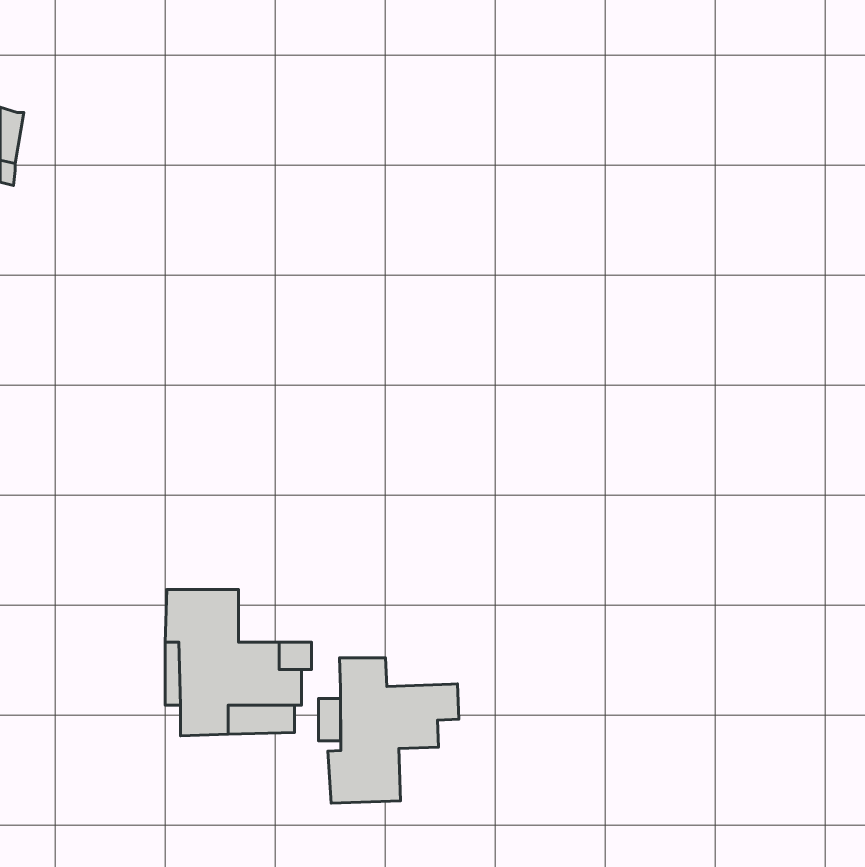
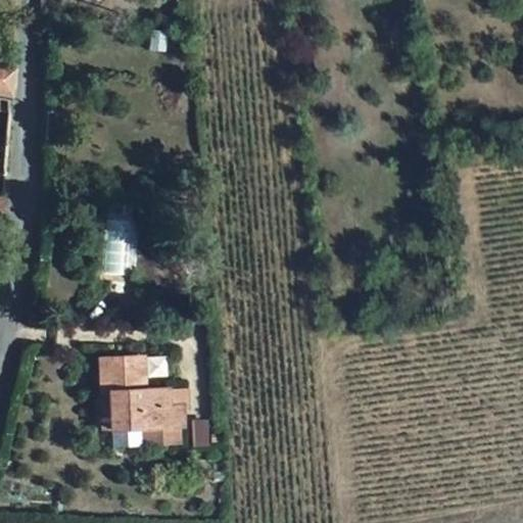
building: [328,658,459,803] -> none

